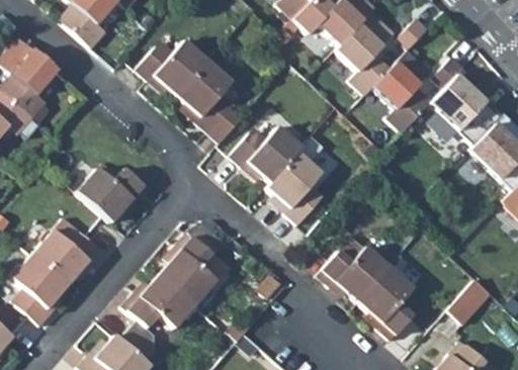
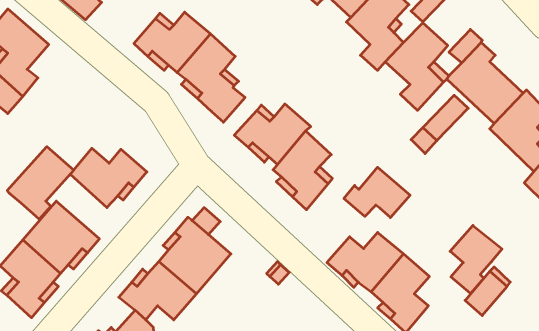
building: none -> [7,147,74,219]
building: none -> [344,167,410,218]
building: none -> [450,225,502,294]

